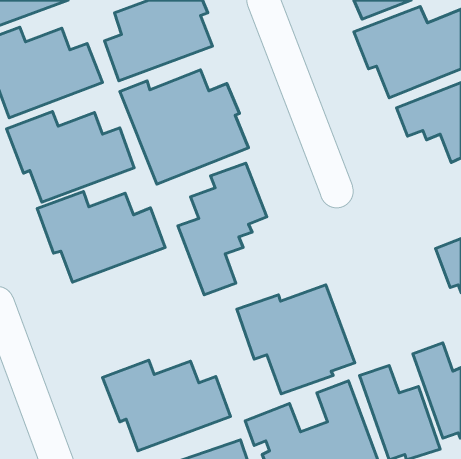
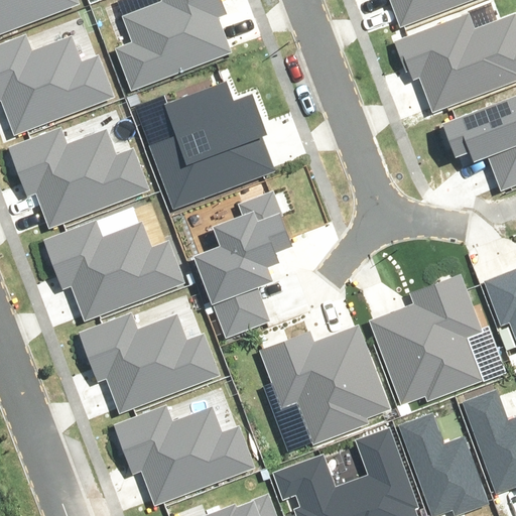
building: none -> [368,275,484,404]
building: none -> [81,313,223,414]

